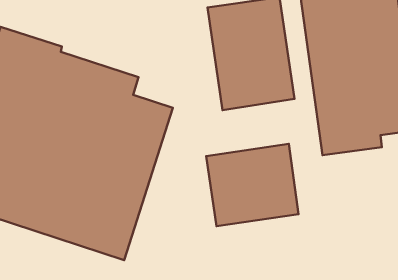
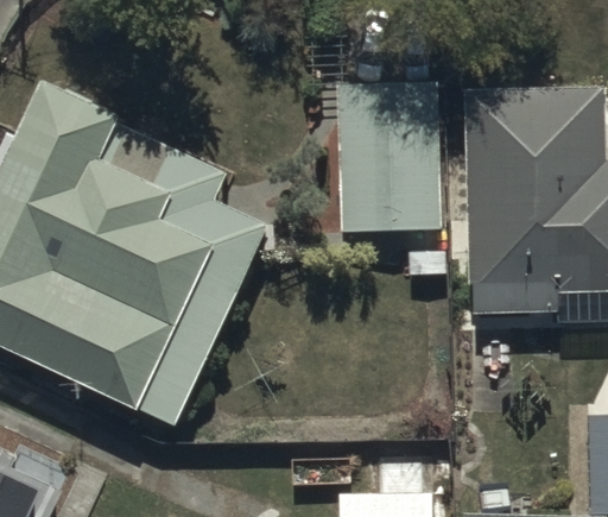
building: [206,144,299,226] -> none

